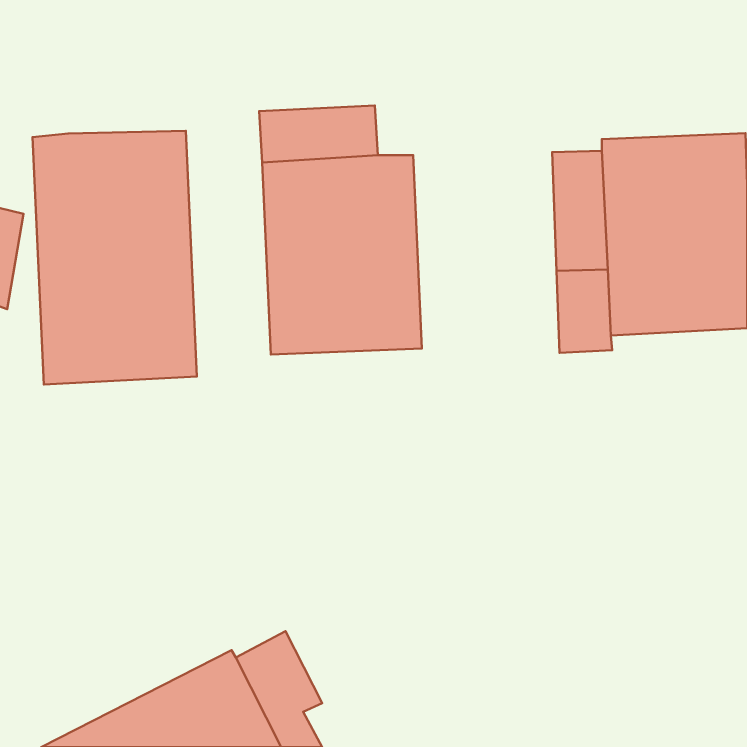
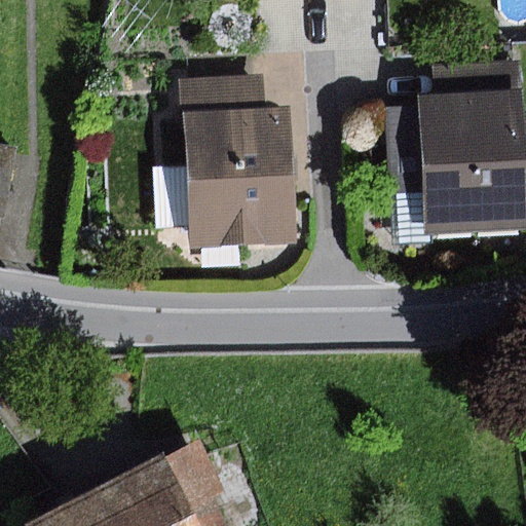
building: [33,131,197,385] -> none

